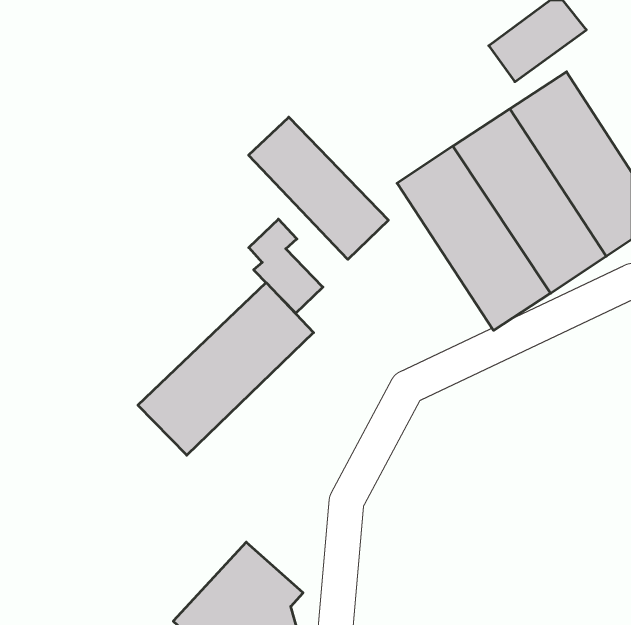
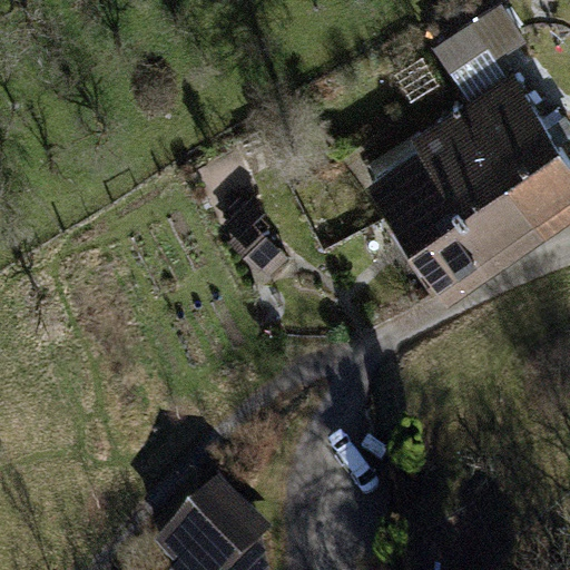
building: [249,117,388,259] -> none
building: [138,283,314,455] -> none

